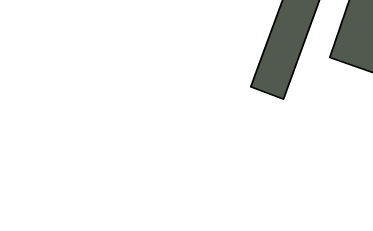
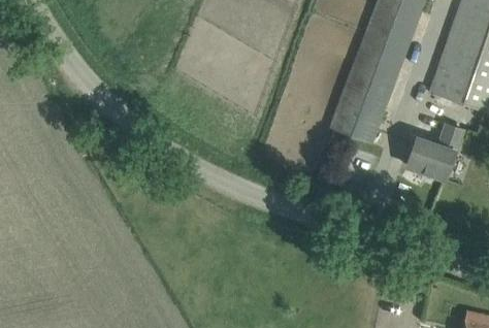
building: none -> [408,123,463,178]

